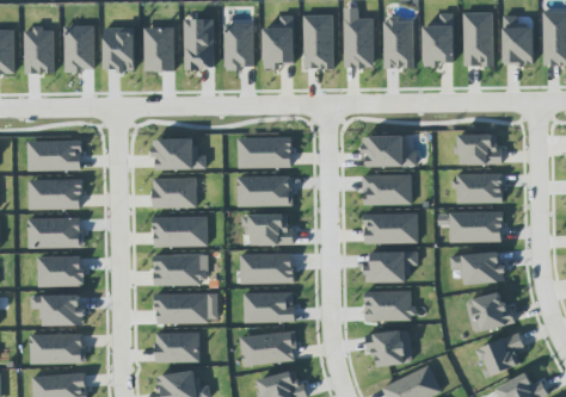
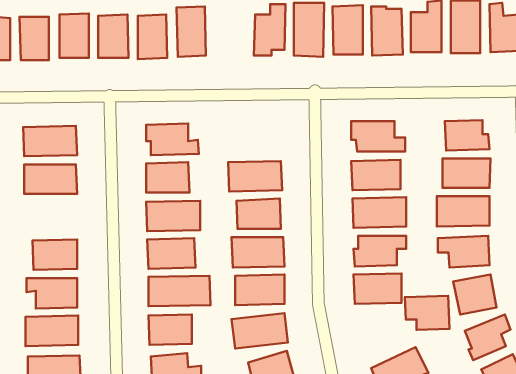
building: [224,23,254,68] -> none
building: [238,136,291,168] -> none
building: [27,217,82,248] -> none
building: [365,330,411,365] -> [405,296,449,330]

